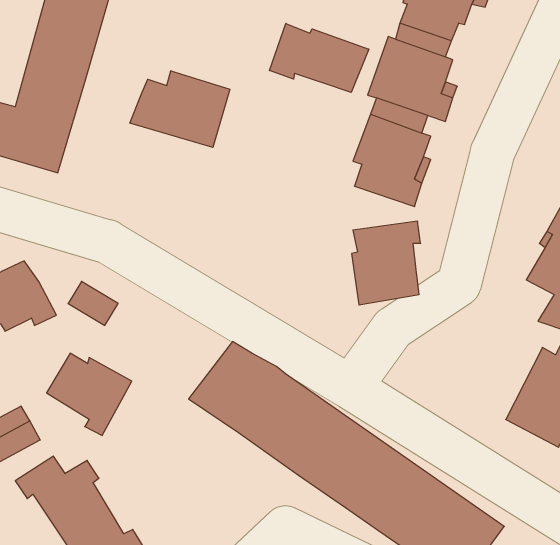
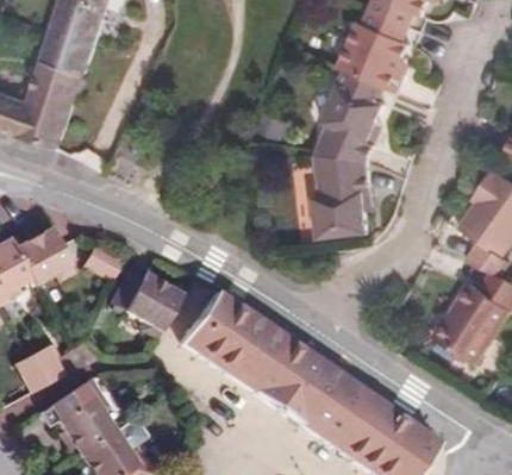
building: [269,23,369,92] -> none
building: [130,71,230,147] -> none
building: none -> [311,163,366,199]
building: [47,353,132,435] -> [110,264,179,331]

